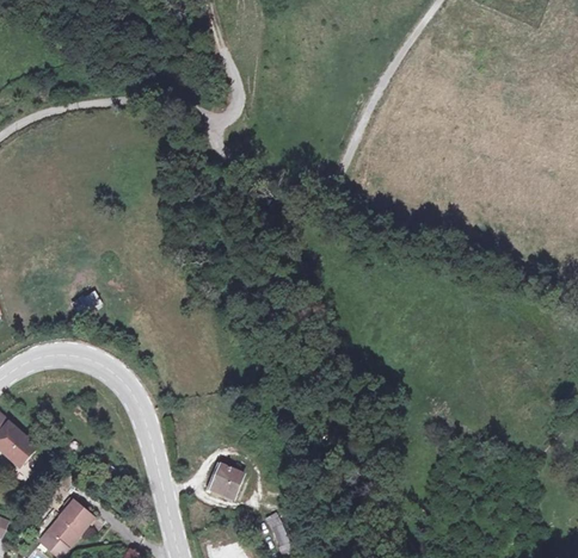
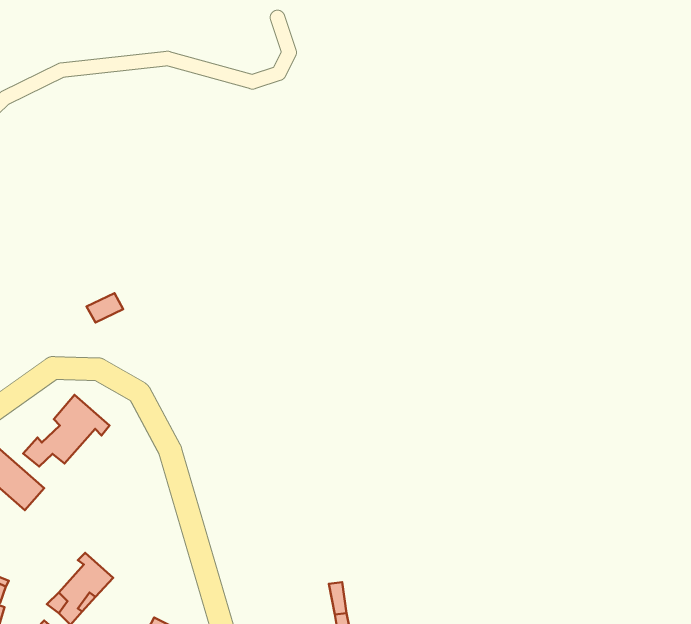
building: none -> [23,395,109,466]
building: [210,465,242,496] -> none

